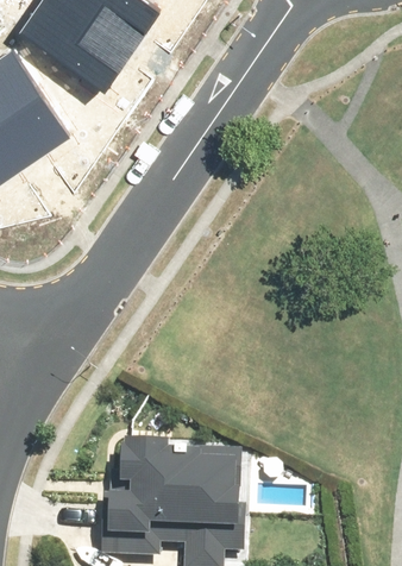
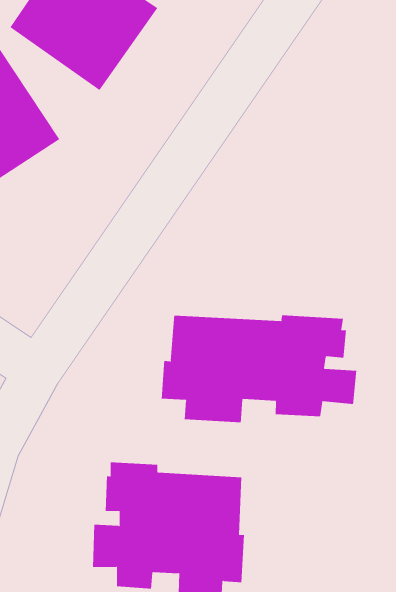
building: none -> [161,315,357,423]

